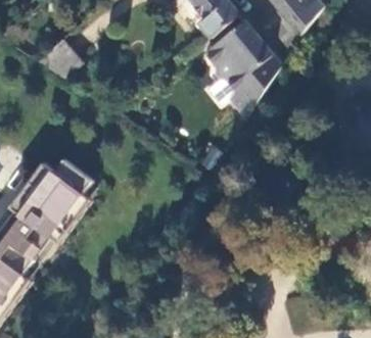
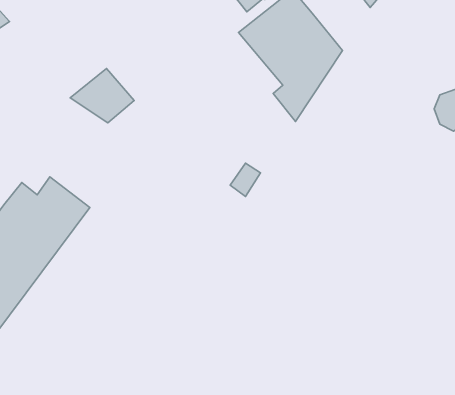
building: [36,38,83,78] -> [70,69,134,123]

